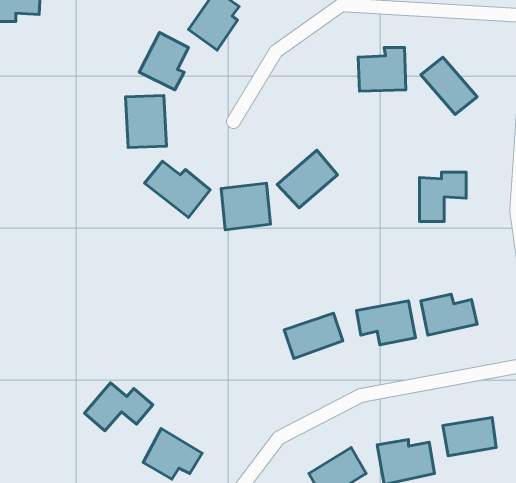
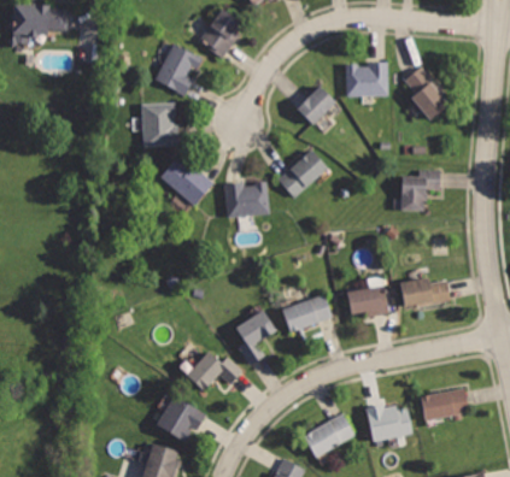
building: none -> [293,86,338,129]
building: none -> [233,310,274,366]
building: [84,383,153,431] -> [183,349,244,391]

